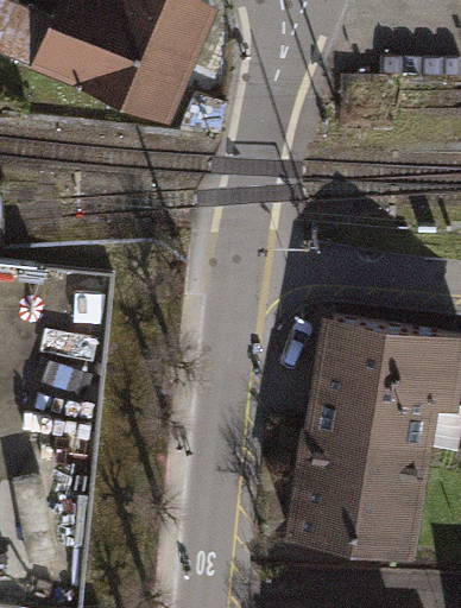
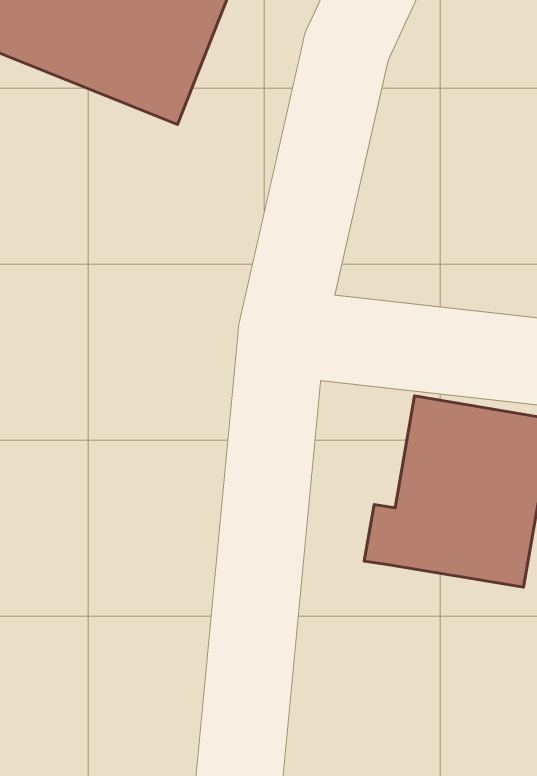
building: [284,443,417,558] -> none

